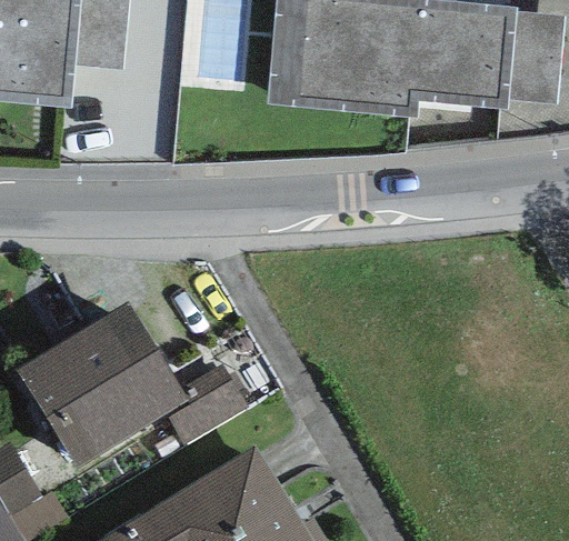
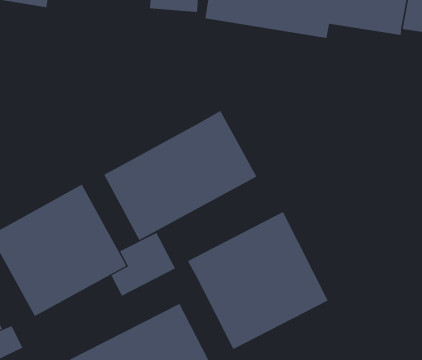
building: none -> [103,110,257,241]
building: none -> [187,211,328,350]

